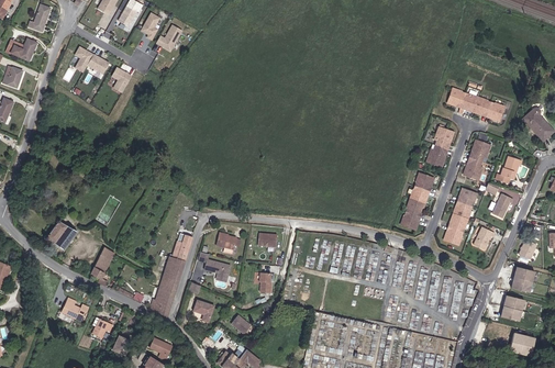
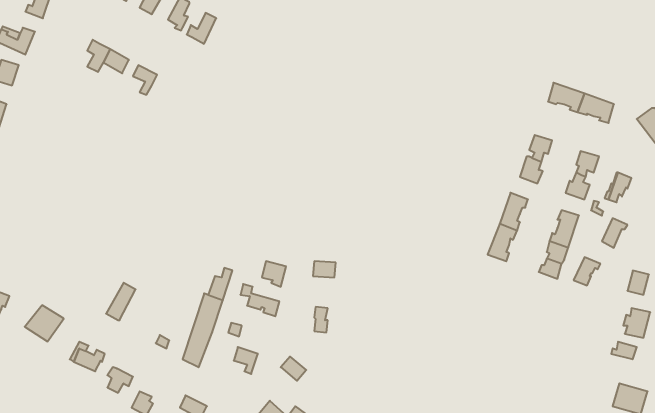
building: [45,221,77,250] -> [25,305,64,341]

